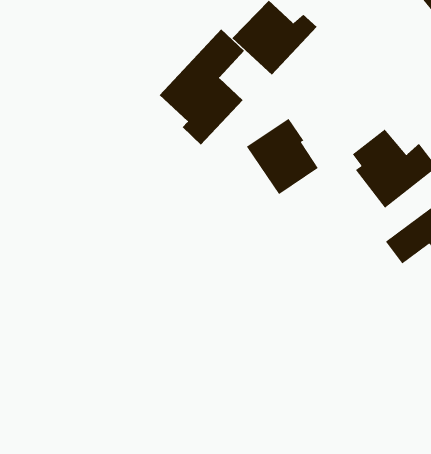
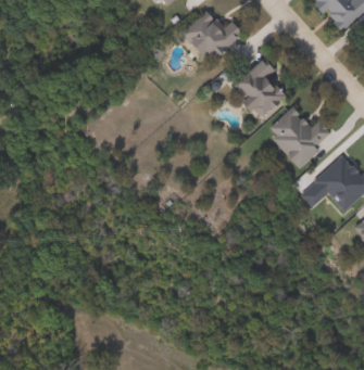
building: [159,29,245,146] -> none
building: [246,118,319,195] -> [233,58,288,116]

